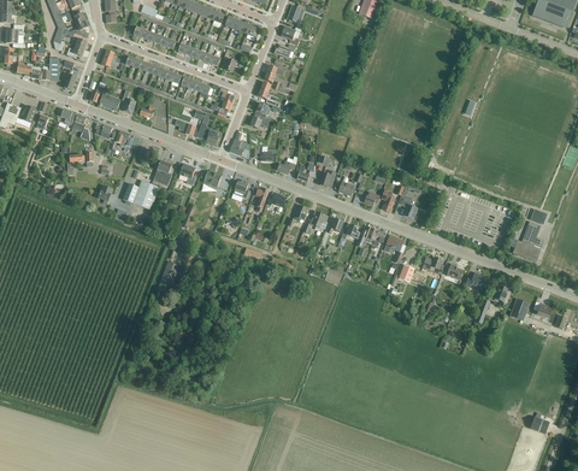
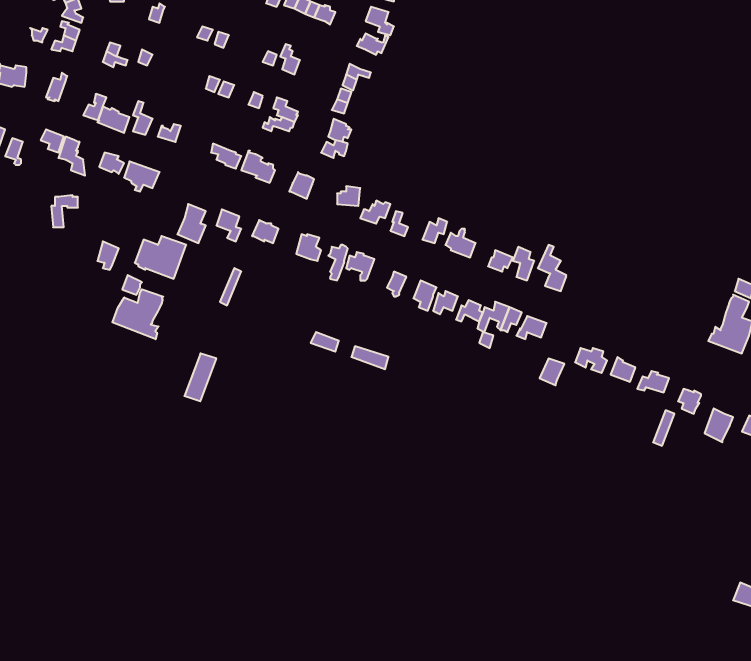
building: none -> [112,289,163,339]

